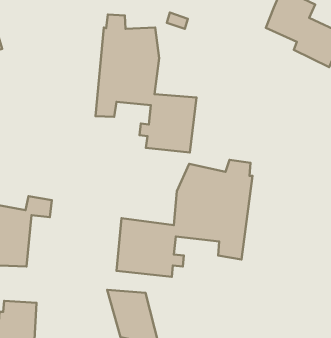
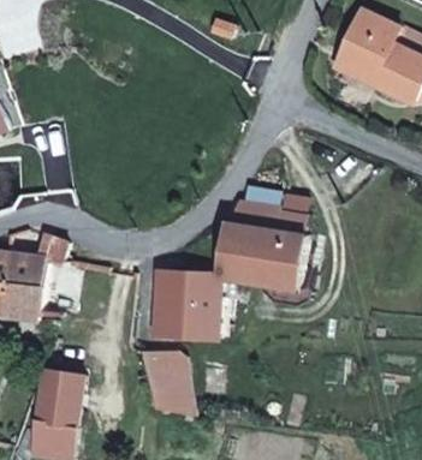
building: [96,14,197,153] -> none

